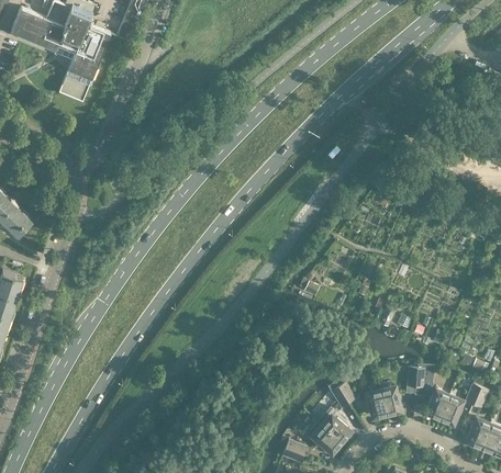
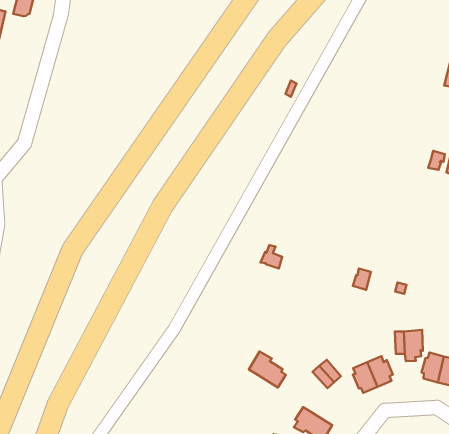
building: [316,407,348,441] -> [249,352,286,387]

